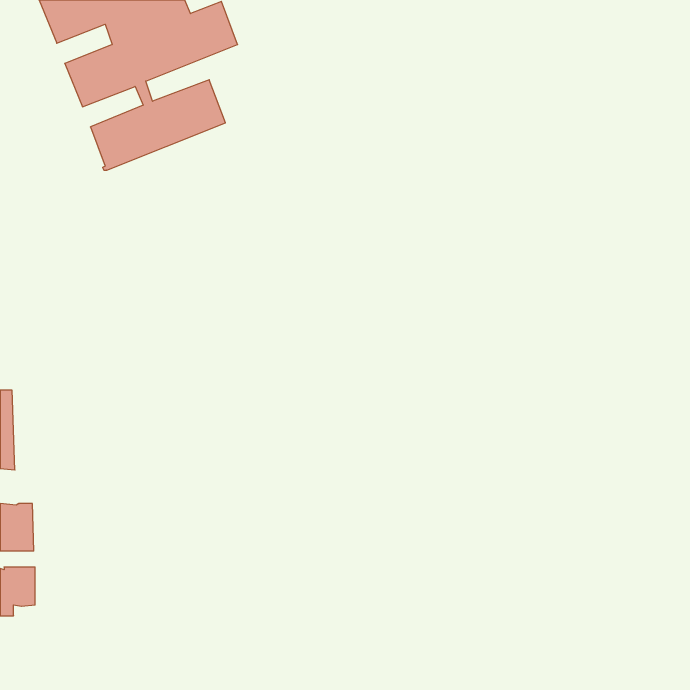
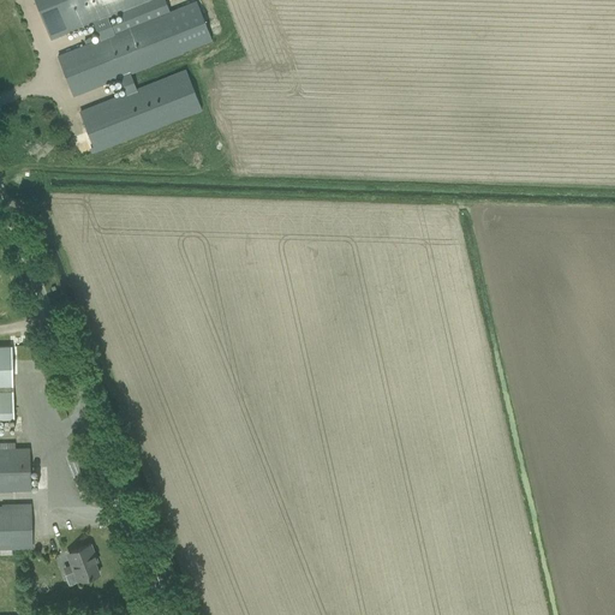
building: none -> [66,544,98,585]

